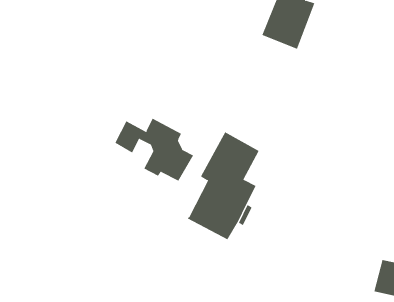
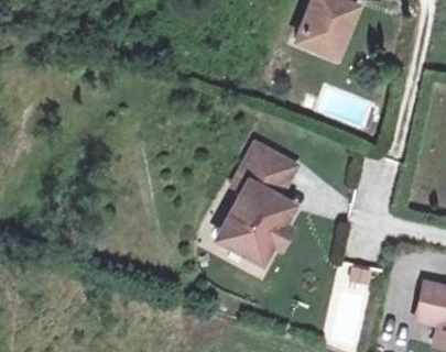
building: [114,118,194,181] -> none

